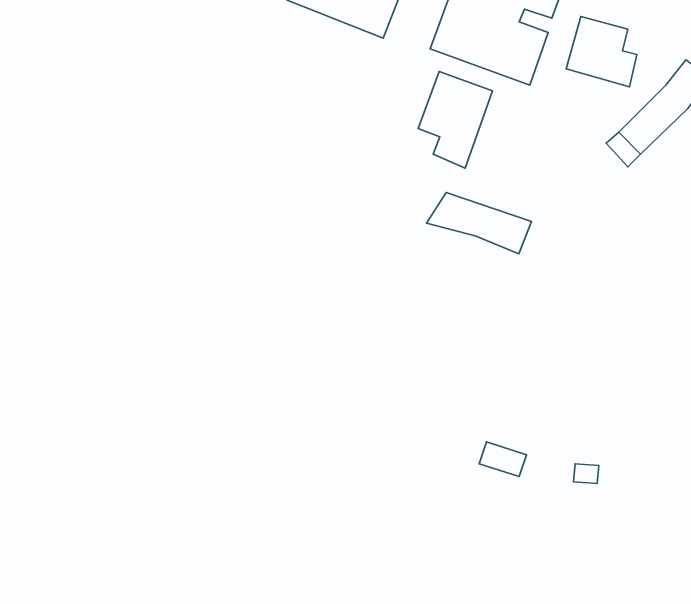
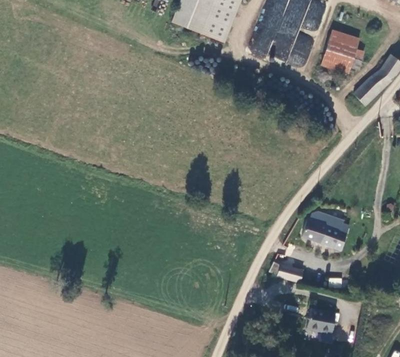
building: [418,72,492,168] -> none
building: [426,192,531,254] -> [298,216,356,250]
building: none -> [307,307,336,334]

